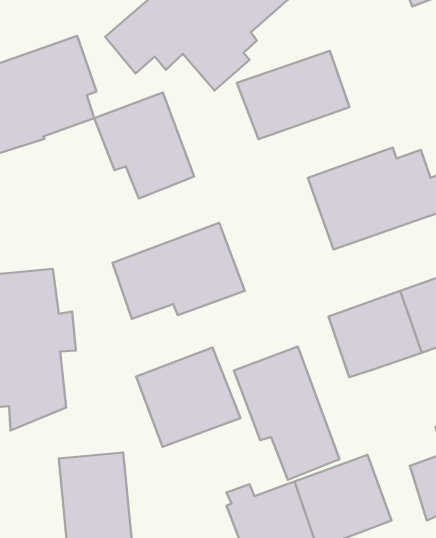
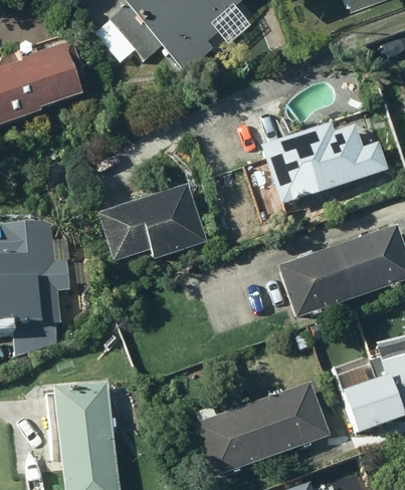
building: [237,51,349,139] -> none
building: [94,93,194,199] -> none
building: [234,347,340,480] -> none
building: [136,348,241,447] -> none

